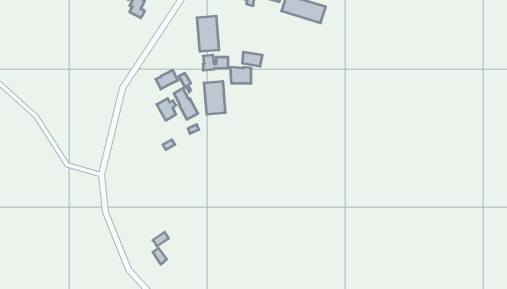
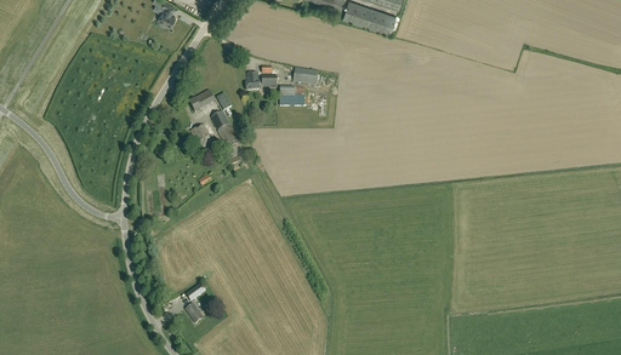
building: [197,16,219,52] -> none
building: [204,81,225,114] -> none

